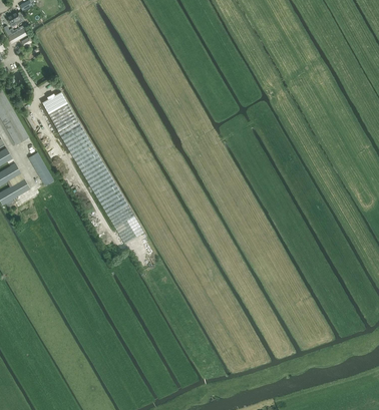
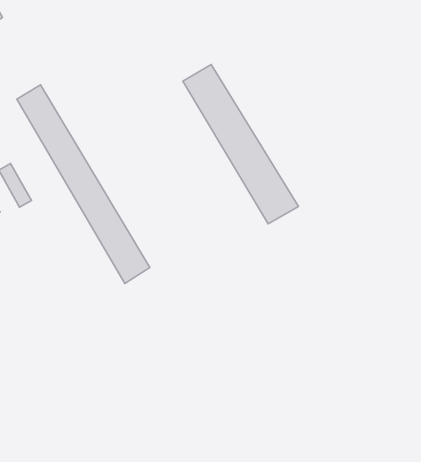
building: none -> [183,65,298,224]

